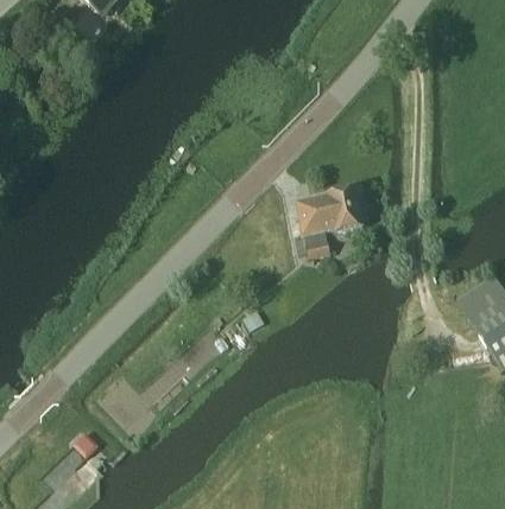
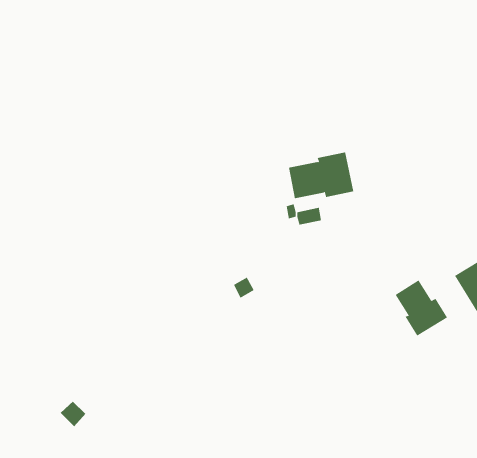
building: none -> [395,279,448,337]

